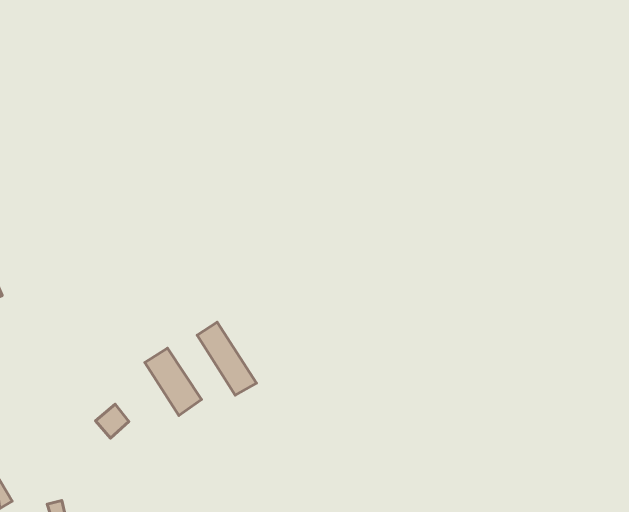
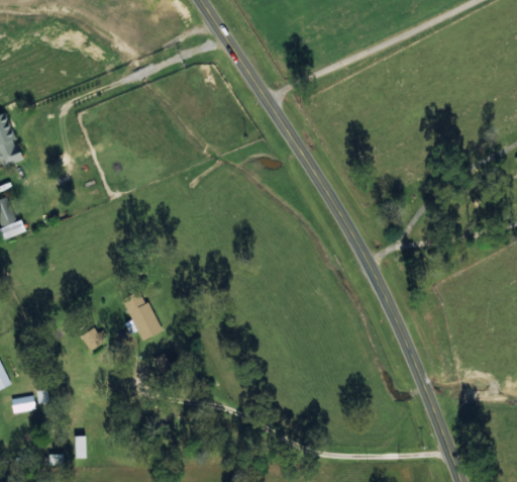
building: [197,322,256,395] -> none

